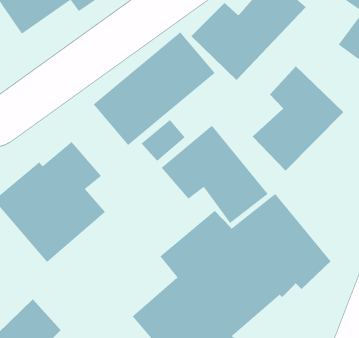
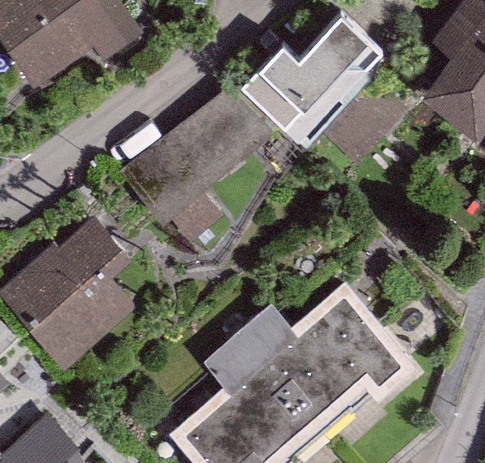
building: [252,66,344,171] -> none
building: [161,125,268,224] -> none

